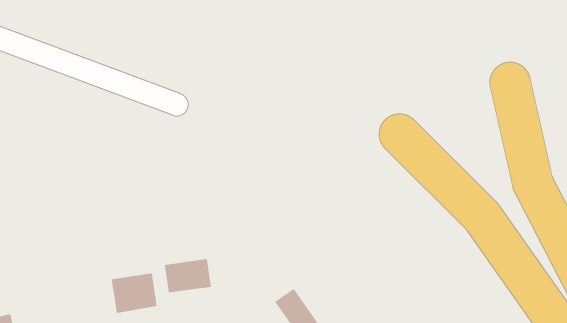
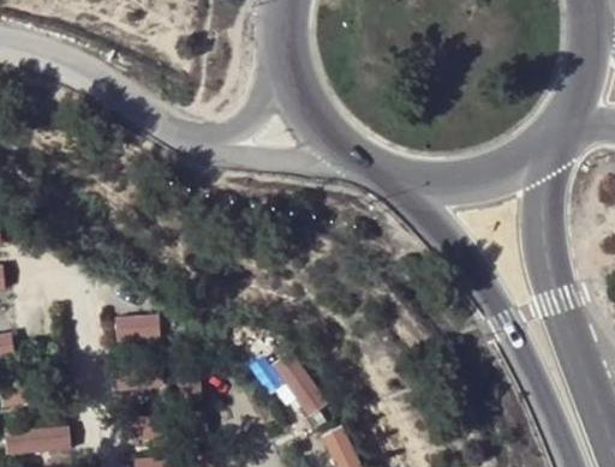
building: [164,258,211,293] -> none

